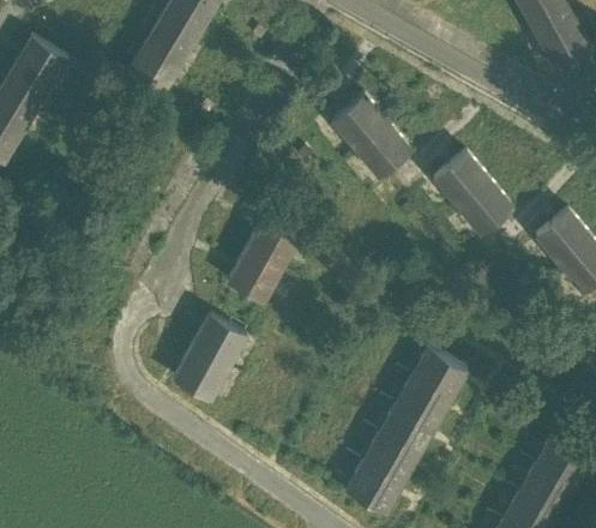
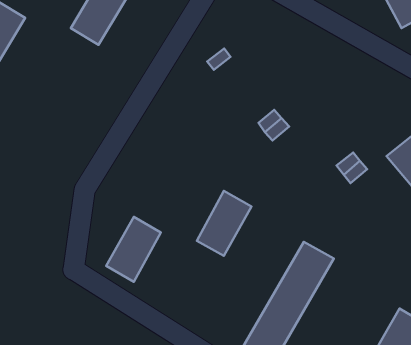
building: [332,95,410,178] -> none
building: [434,152,512,234] -> none
building: [228,217,299,301] -> [197,191,252,256]

